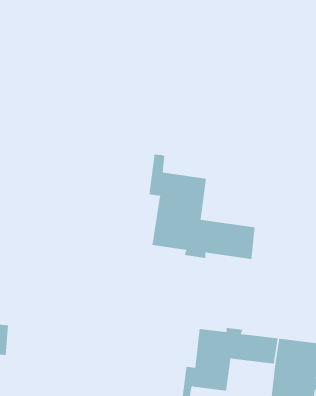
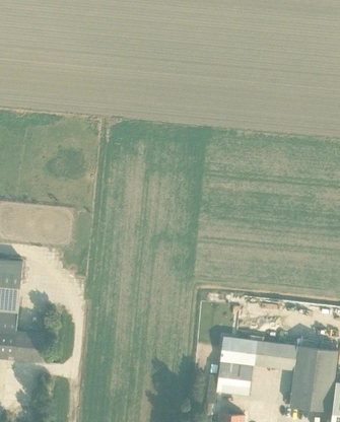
building: [149,154,255,260] -> none

